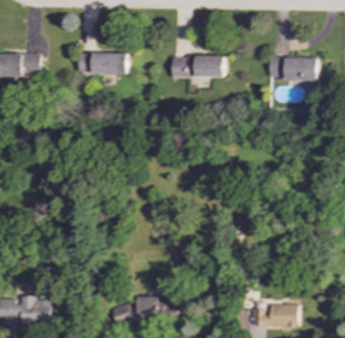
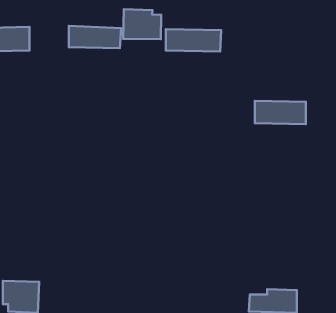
building: none -> [123,9,161,39]
building: [268,56,317,78] -> [255,101,306,124]
building: [112,296,184,321] -> none

